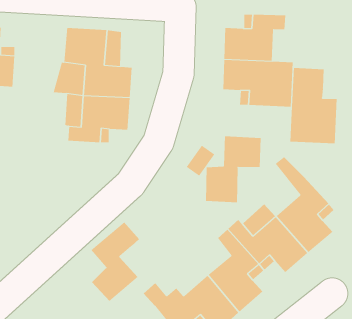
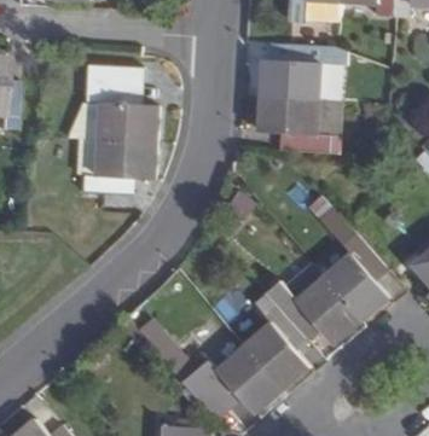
building: [290,67,337,144] -> none
building: [206,135,261,203] -> none
building: [90,222,140,302] -> none

